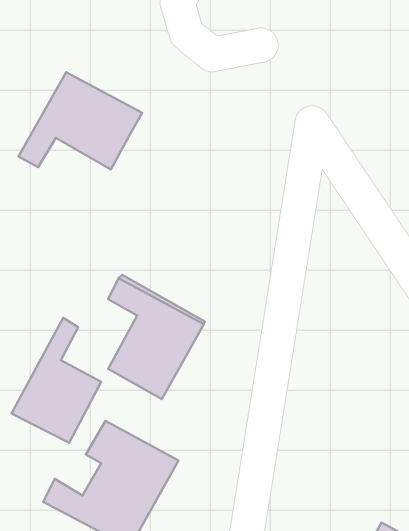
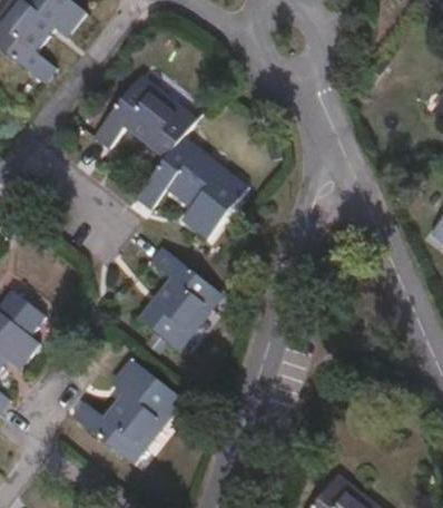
building: none -> [136,134,249,240]
building: [11,318,101,443] -> none

